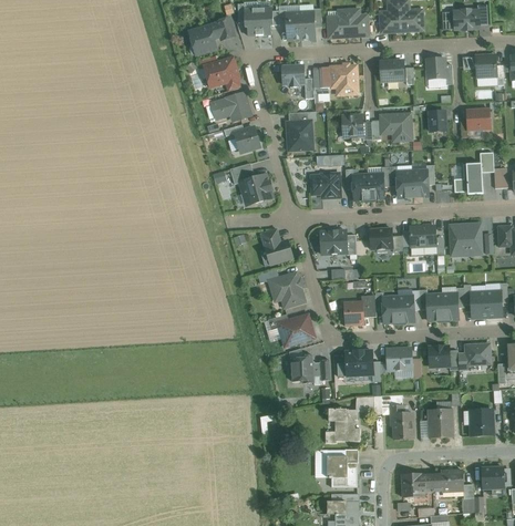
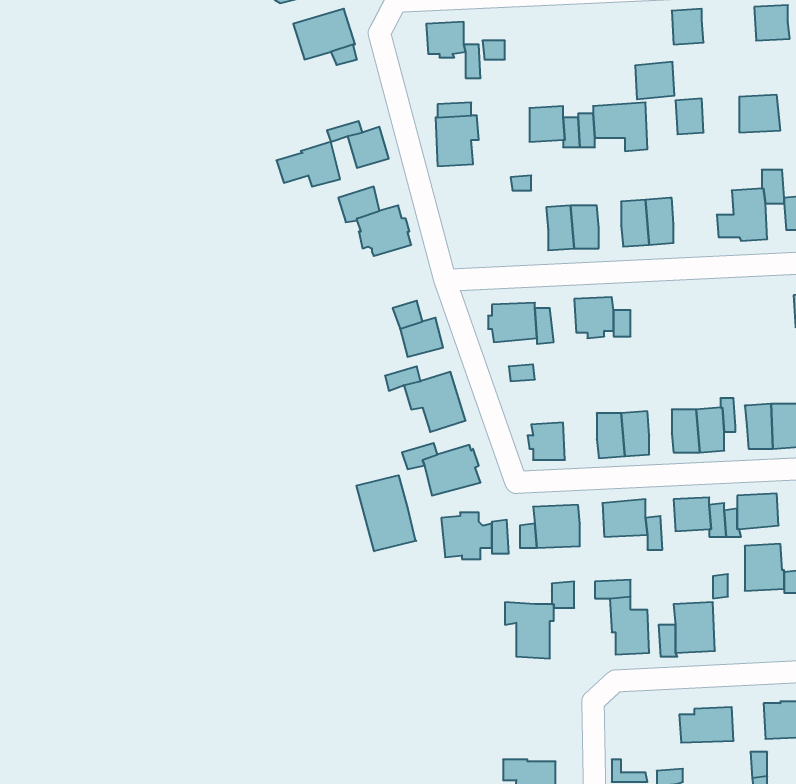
building: [380,59,403,81] -> [635,62,674,99]
building: [330,64,358,94] -> none
building: [212,92,249,118] -> [276,142,340,187]
building: [311,173,340,196] -> none
building: [450,223,481,255] -> none
building: [409,225,435,245] -> none
building: none -> [356,475,416,551]
building: [470,408,493,435] -> [745,544,784,591]
building: [327,455,357,486] -> none
building: [401,472,432,496] -> none

